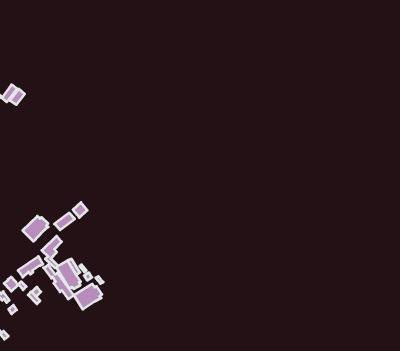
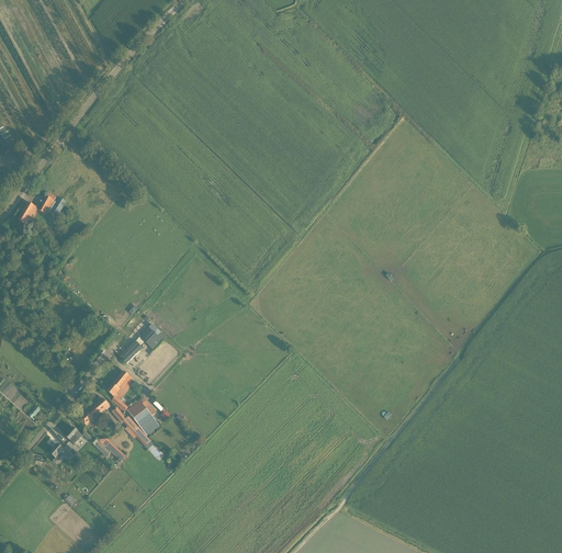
building: [23,216,48,241] -> none
building: [74,284,102,309] -> none

